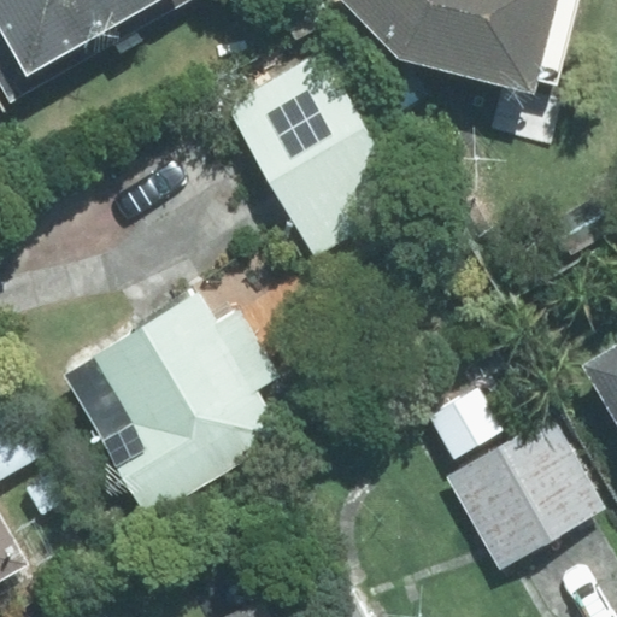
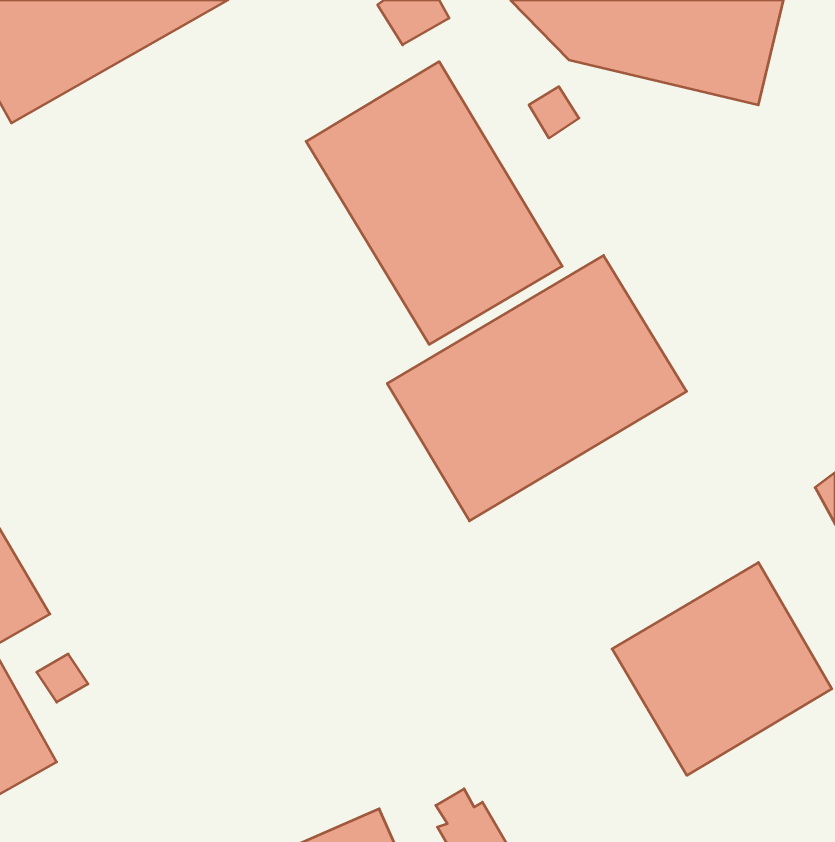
building: none -> [387,255,687,521]
building: [61,295,281,517] -> none

